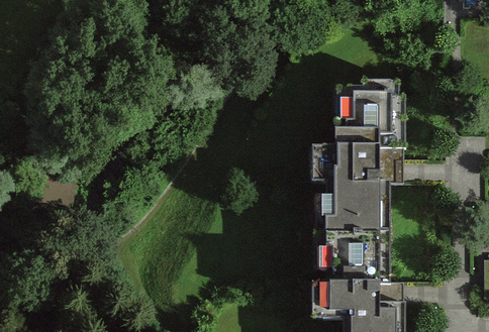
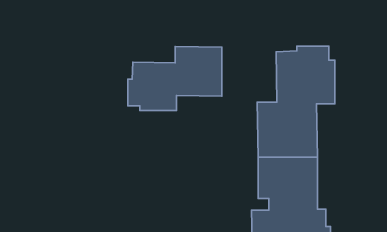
building: none -> [128,47,222,111]

